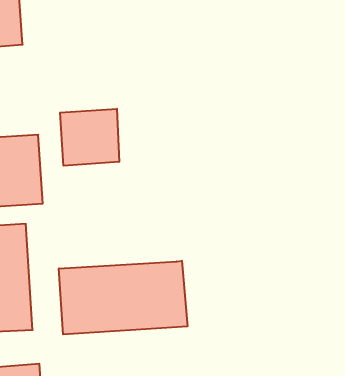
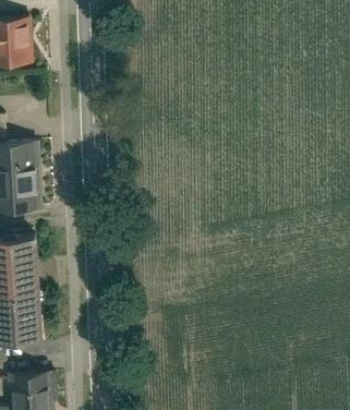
building: [60,109,119,166] -> none
building: [59,261,187,334] -> none

